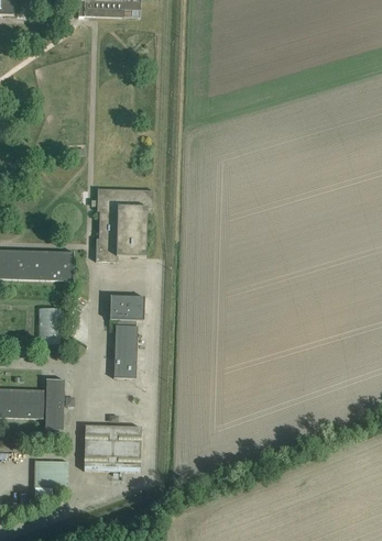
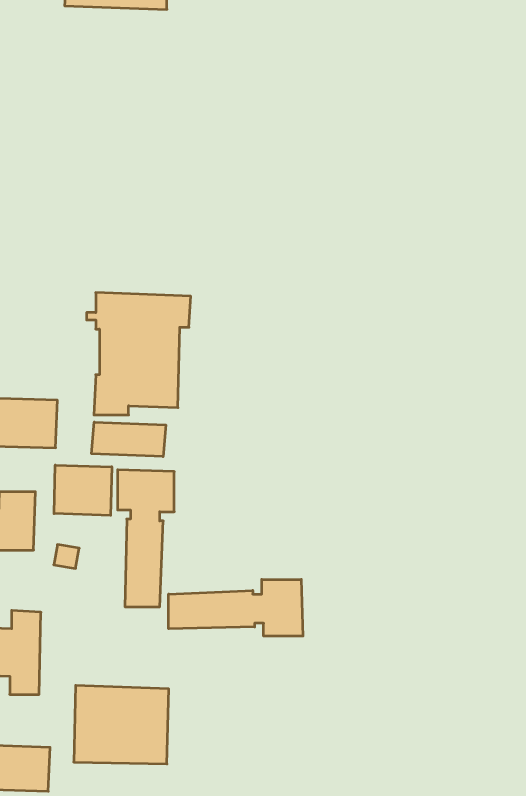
building: none -> [92,422,166,457]
building: none -> [54,465,112,515]
building: none -> [169,579,303,636]

